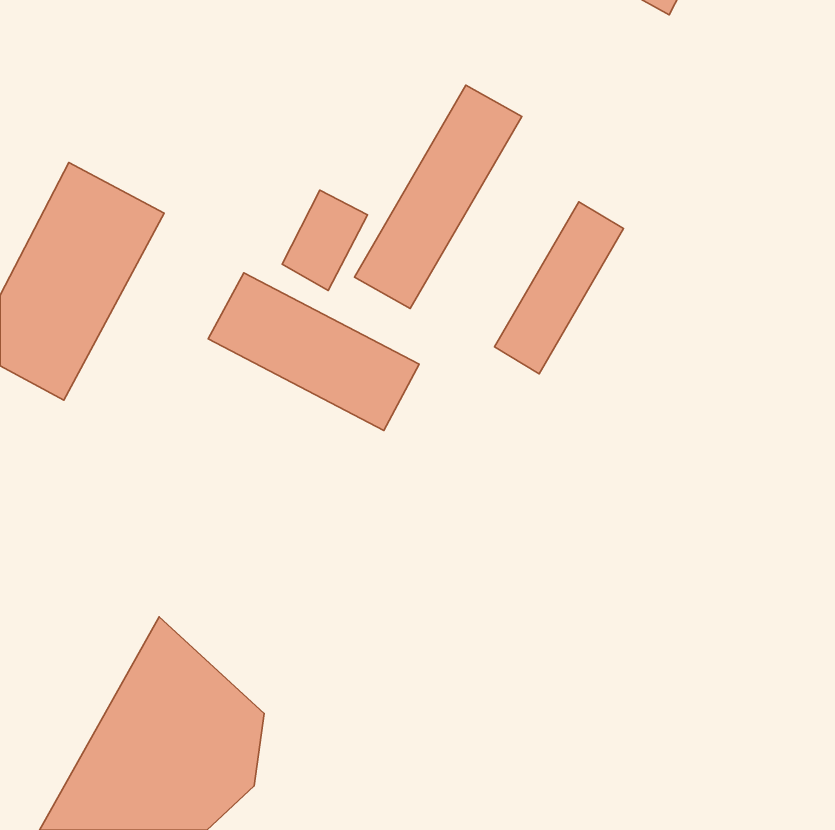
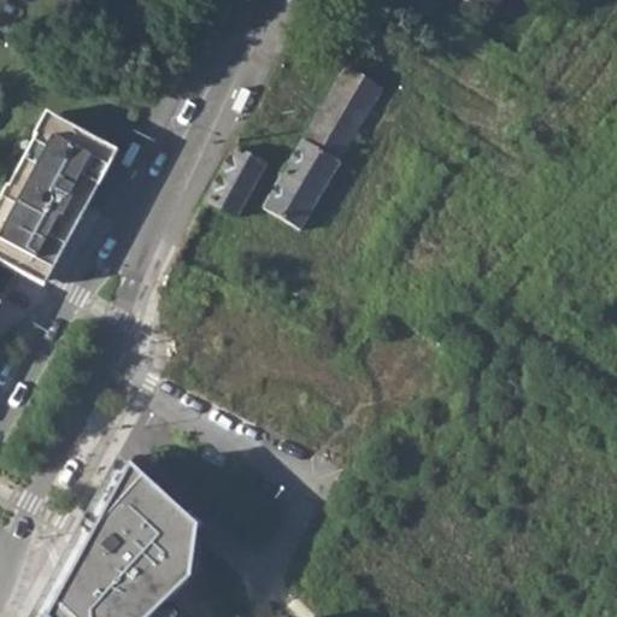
building: [495,202,623,374] -> none
building: [208,273,419,430] -> none

